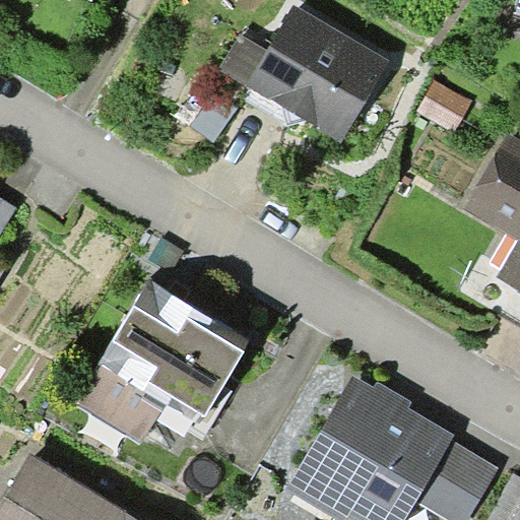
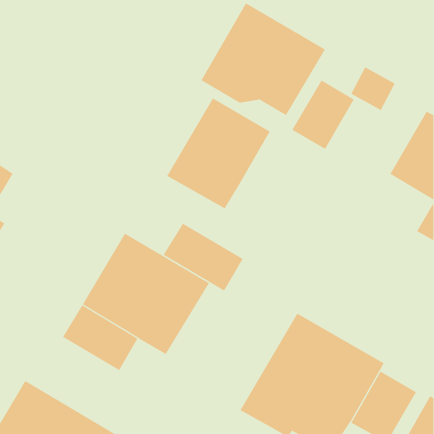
building: none -> [292,79,354,150]
building: none -> [167,98,270,209]
building: none -> [163,223,244,292]

